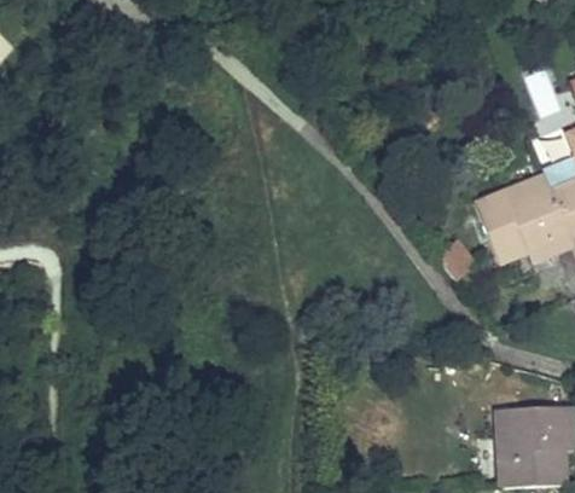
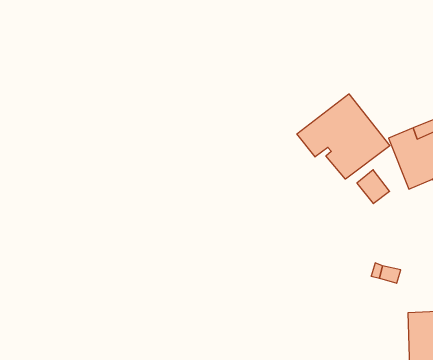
building: none -> [297,94,390,179]

